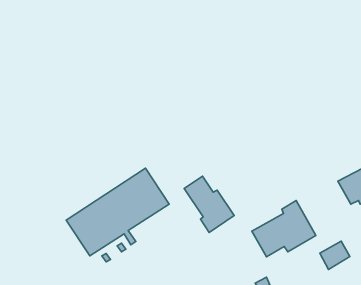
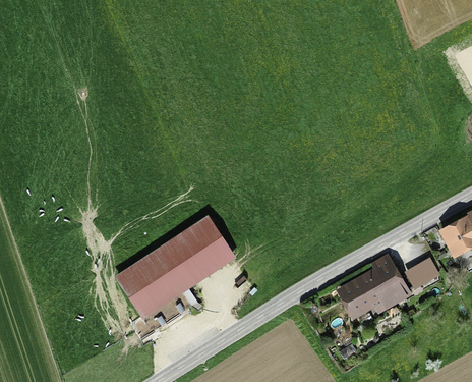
building: [184,176,234,232] -> none
building: [320,241,350,269] -> [405,257,440,290]

